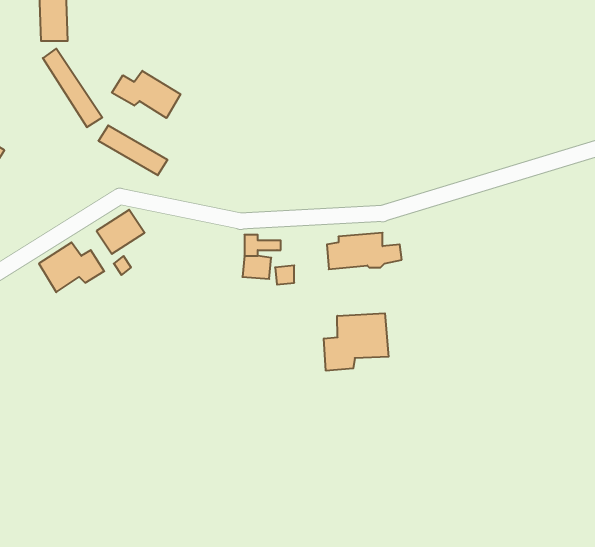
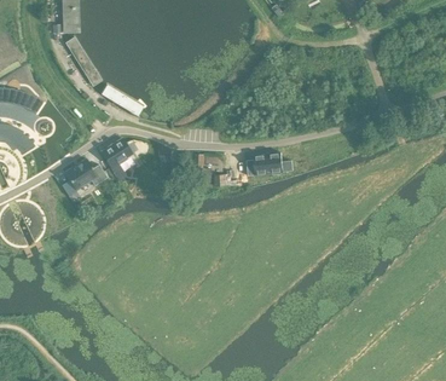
building: [112,71,180,118] -> none
building: [324,313,389,371] -> none

